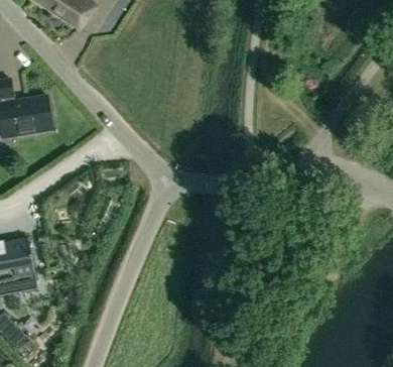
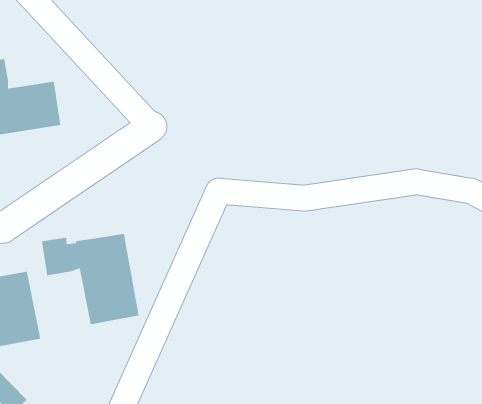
building: none -> [41,233,139,325]

